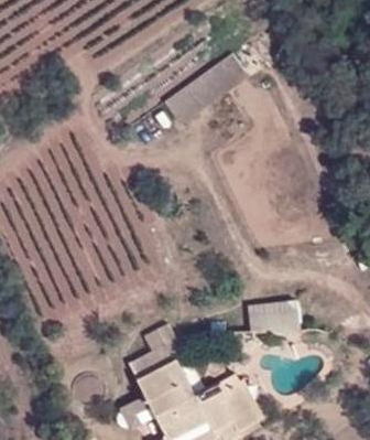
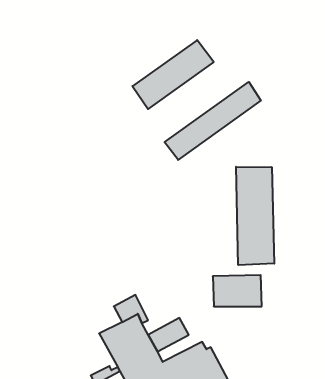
building: none -> [165,82,261,160]
building: none -> [236,167,274,265]

